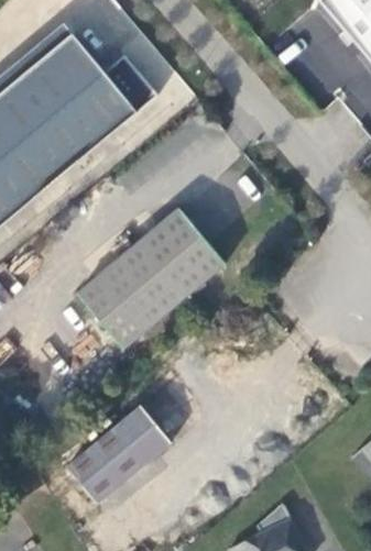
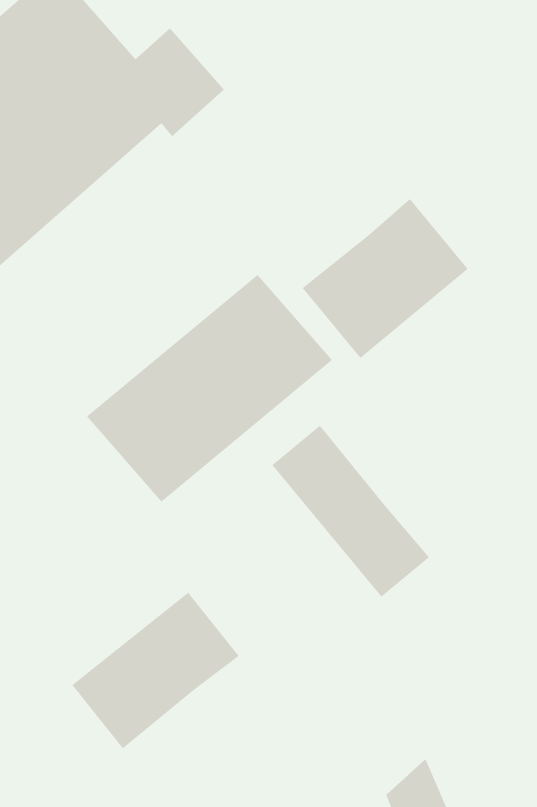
building: none -> [302,198,469,359]
building: none -> [271,425,430,597]

